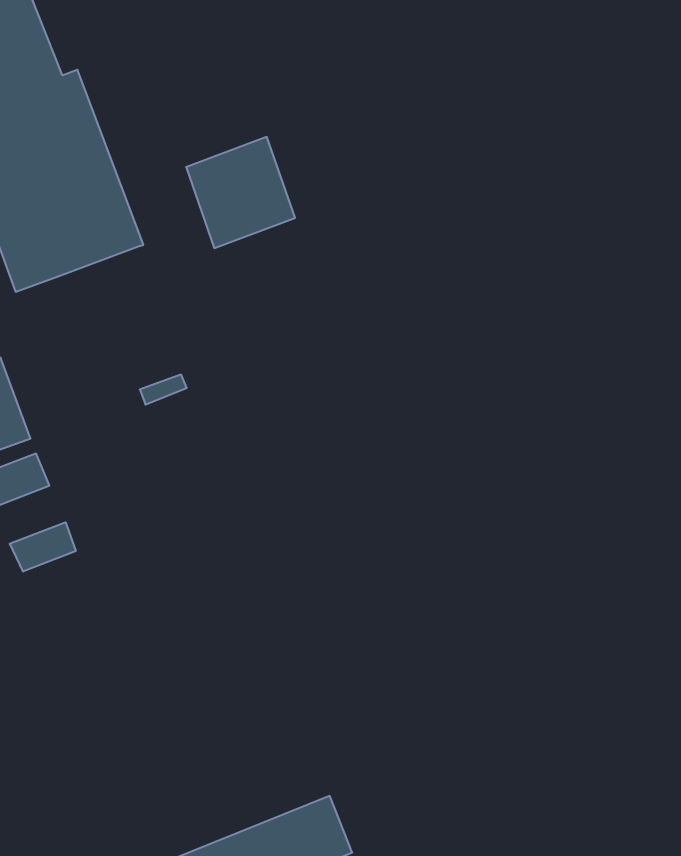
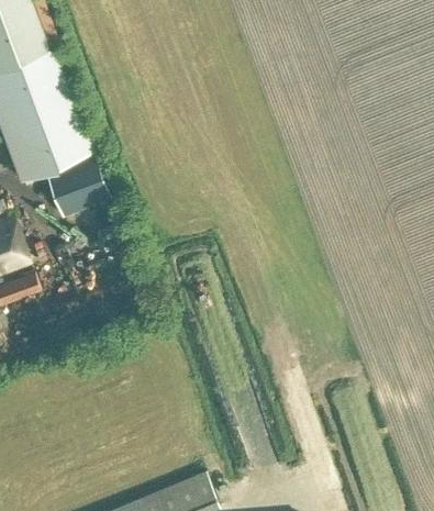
building: [186,137,295,248] -> [44,152,108,216]
building: [10,522,76,572] -> none

